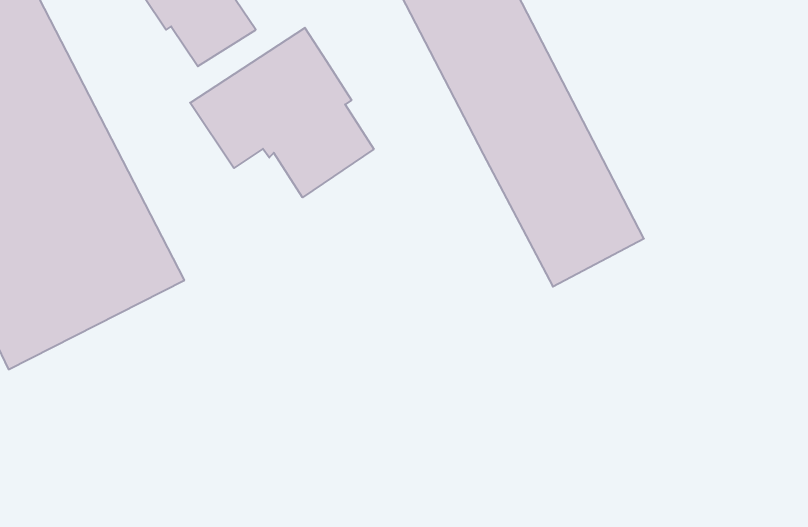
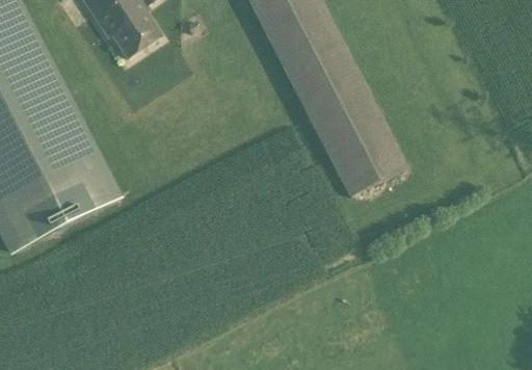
building: [190,28,374,197] -> none

